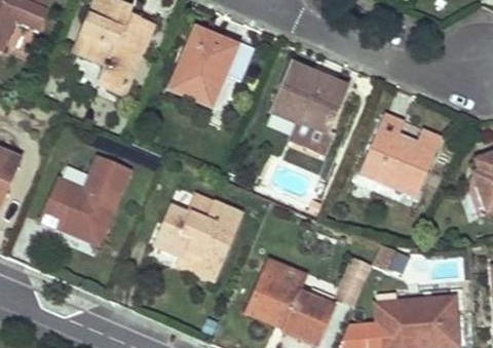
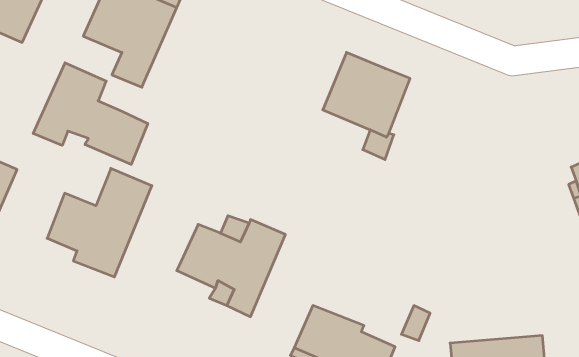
building: [172,29,236,104] -> none
building: none -> [33,63,148,164]
building: [362,112,442,193] -> none

